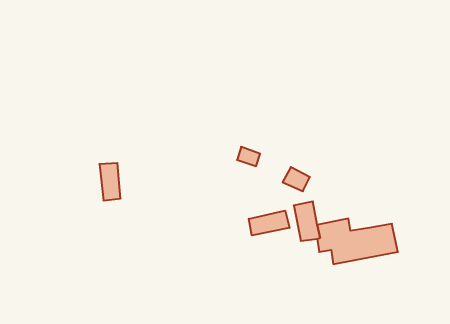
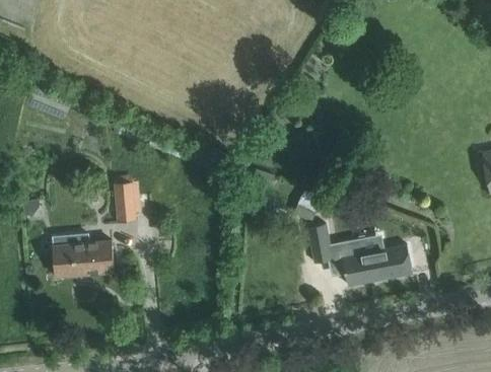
building: [249,211,290,235] -> none
building: none -> [53,238,115,275]

